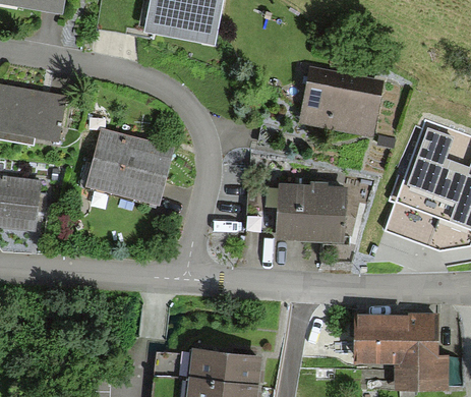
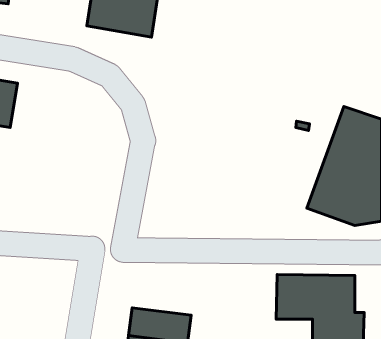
building: [299,70,377,135] -> none
building: [83,131,166,204] -> none
building: [277,187,344,246] -> none

